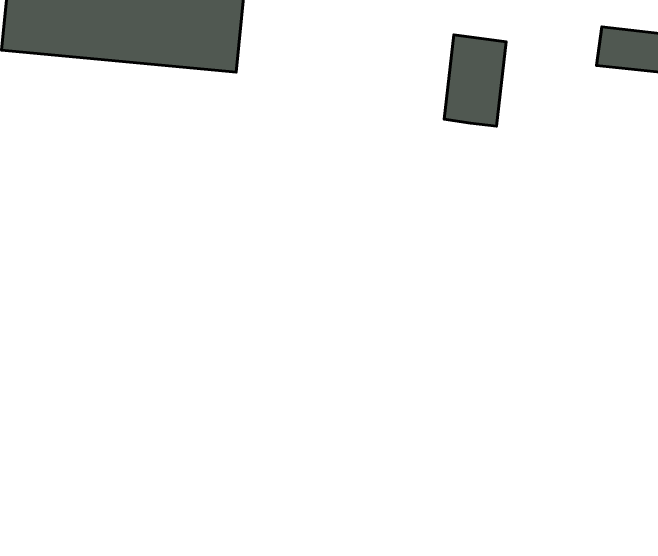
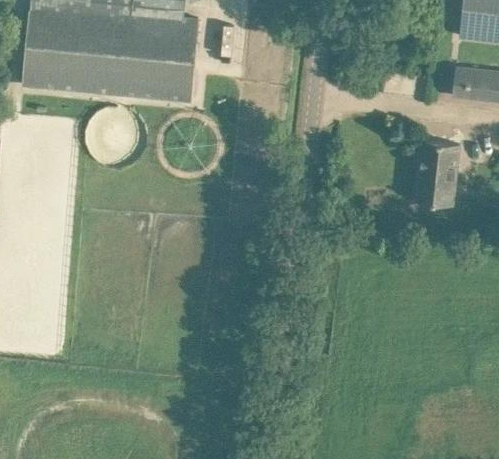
building: [444,35,506,126] -> [415,140,460,206]

